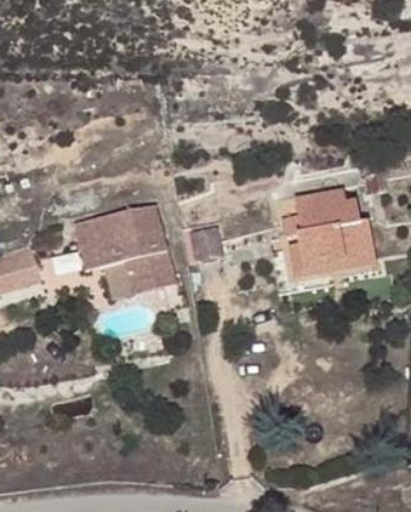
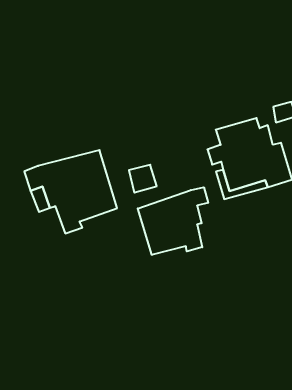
building: none -> [138,187,208,255]

